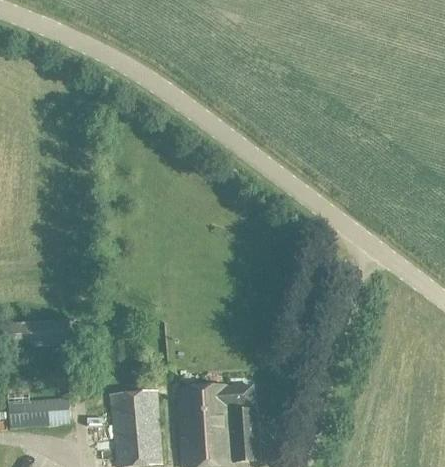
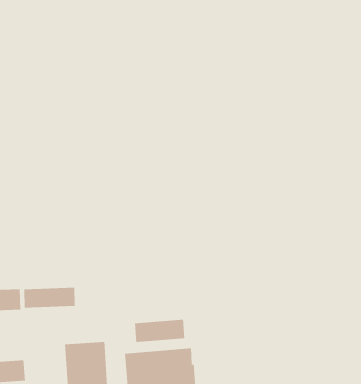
building: none -> [24,287,75,309]
building: none -> [134,319,185,343]

